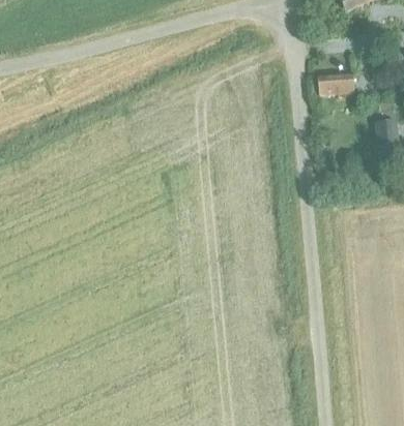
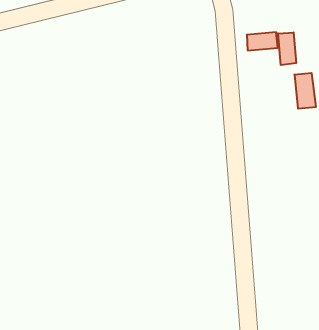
building: none -> [278,32,296,65]

